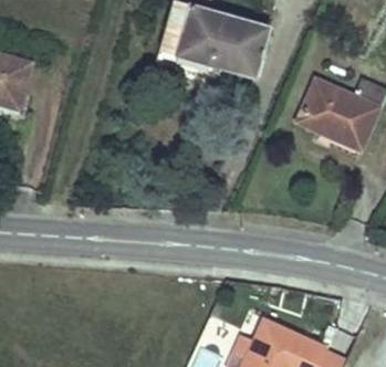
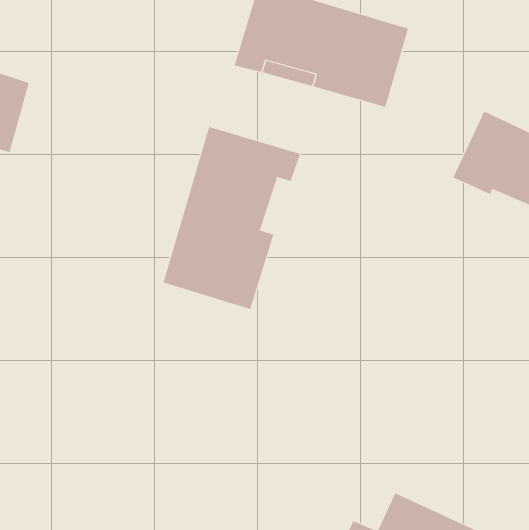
building: none -> [163,126,301,310]

